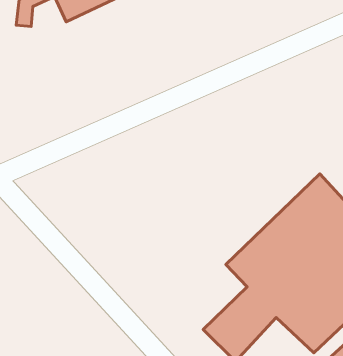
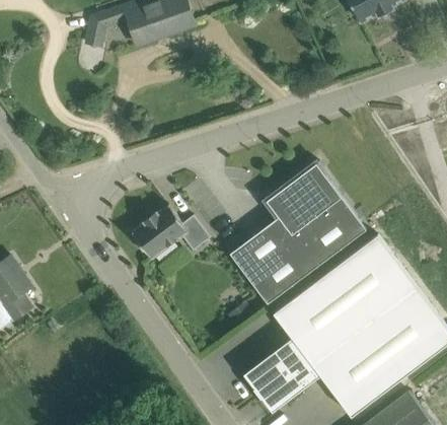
building: none -> [230,160,367,303]
building: none -> [133,204,211,259]

